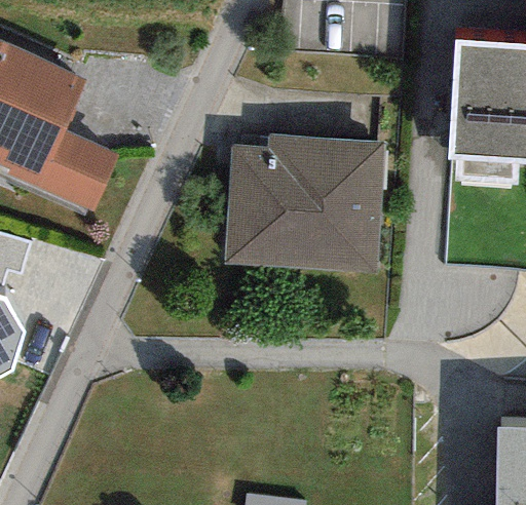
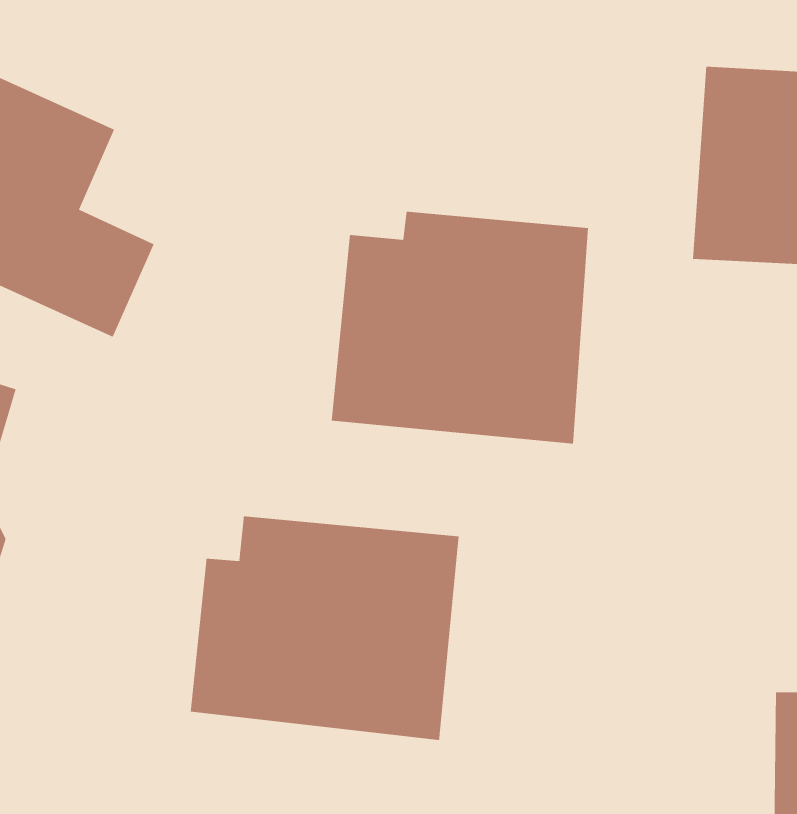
building: none -> [190,515,459,741]

